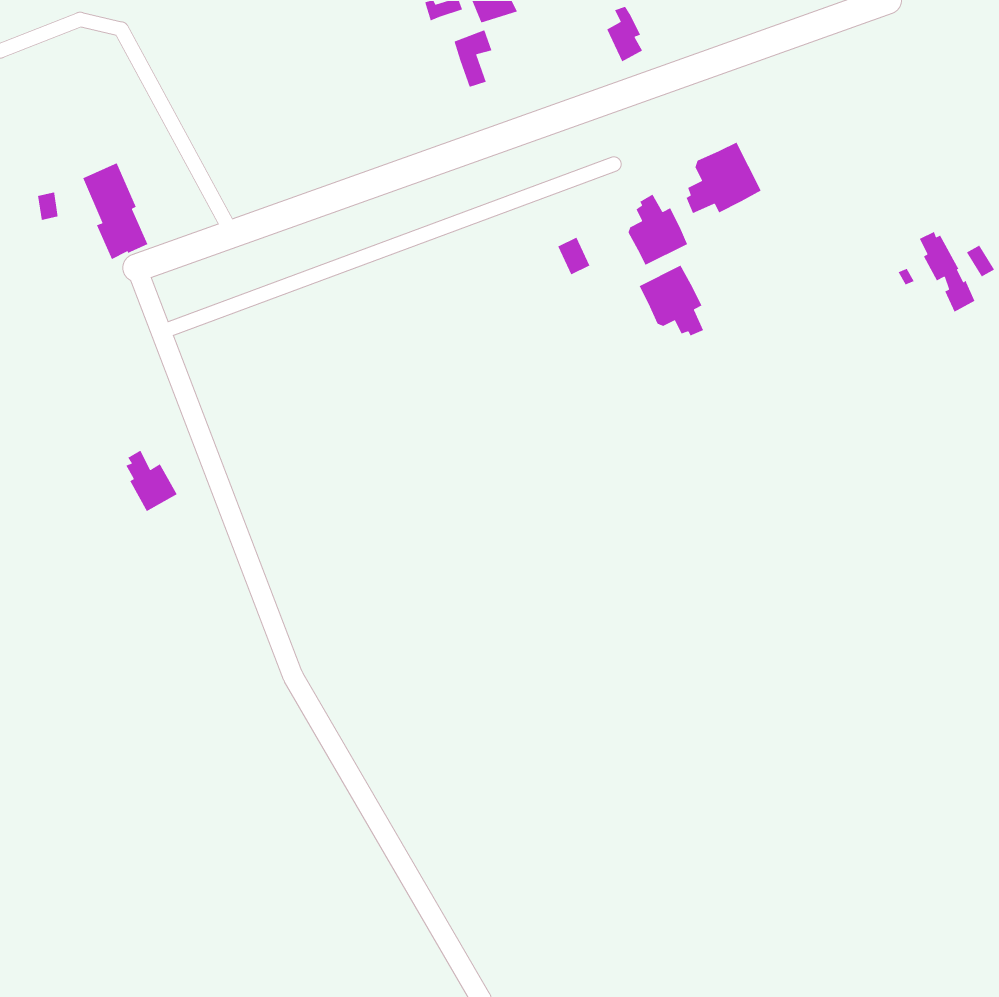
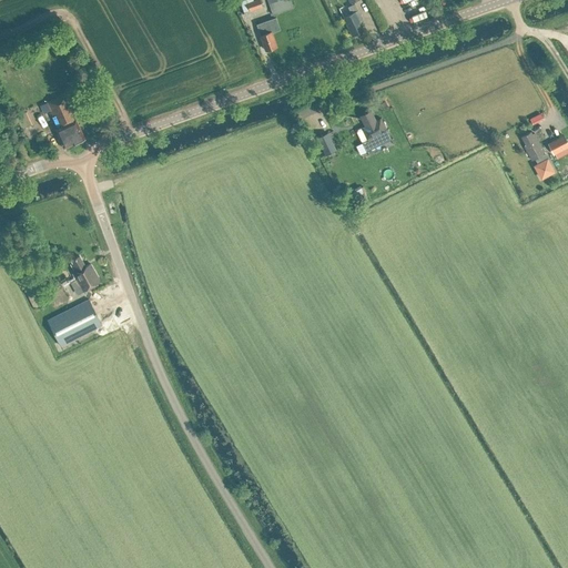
building: [685,141,762,214] -> none
building: [639,265,704,337] -> none
building: none -> [48,300,102,346]

